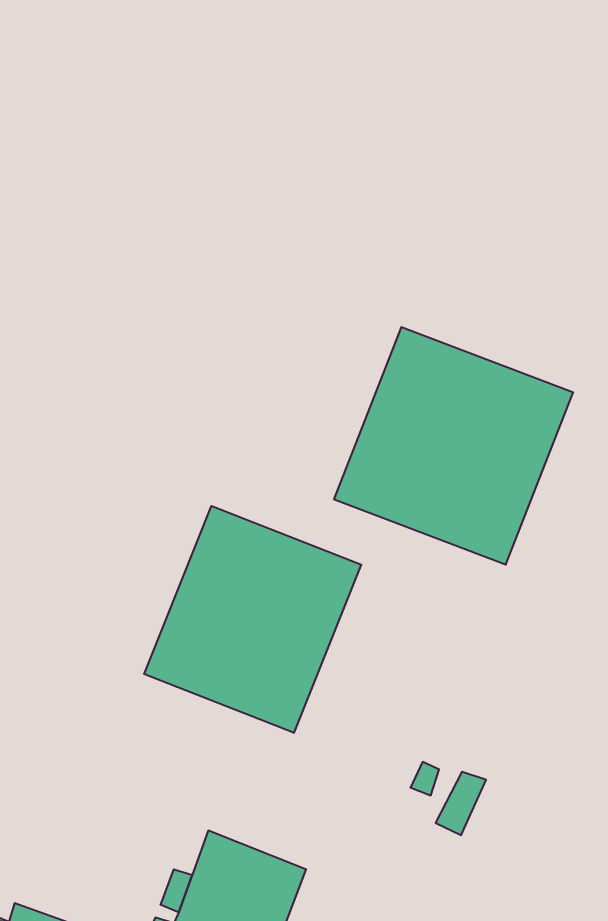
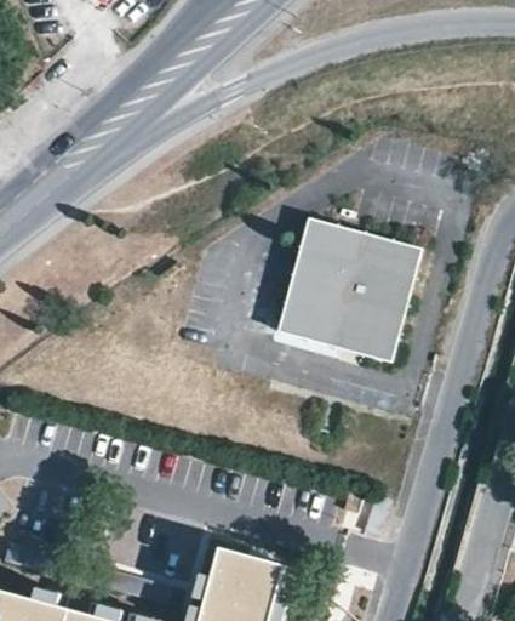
building: [144,506,361,733] -> none

